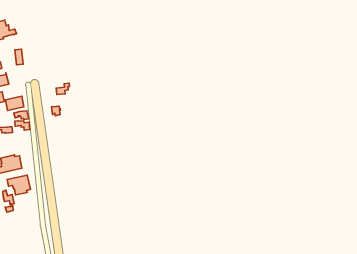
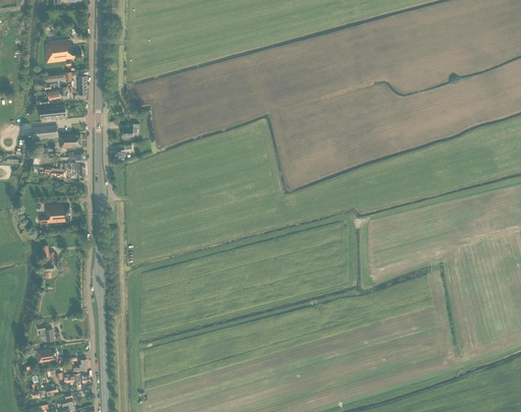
building: [7,175,31,195] -> none

